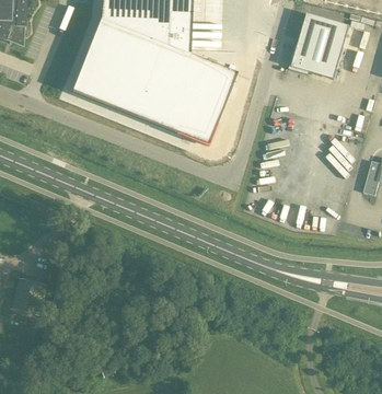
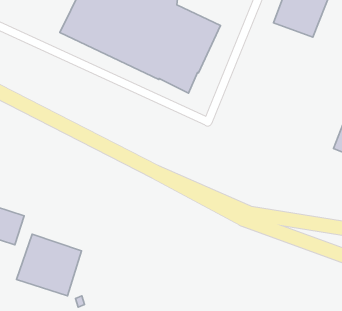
building: none -> [17,234,81,296]

